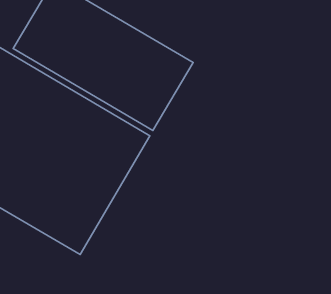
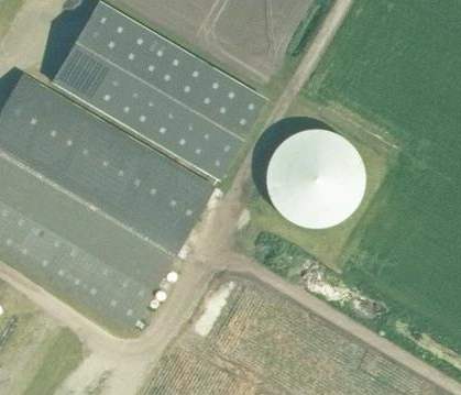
building: none -> [266,128,367,229]

